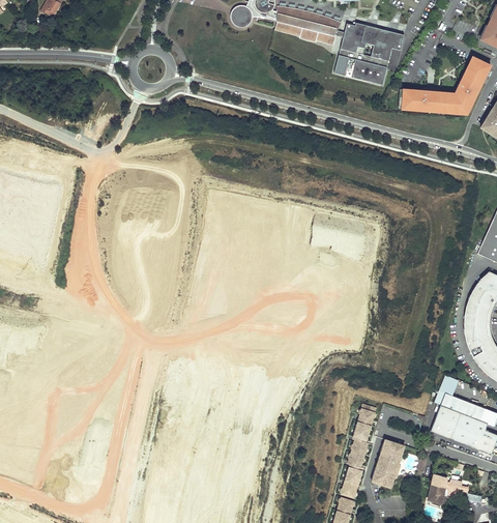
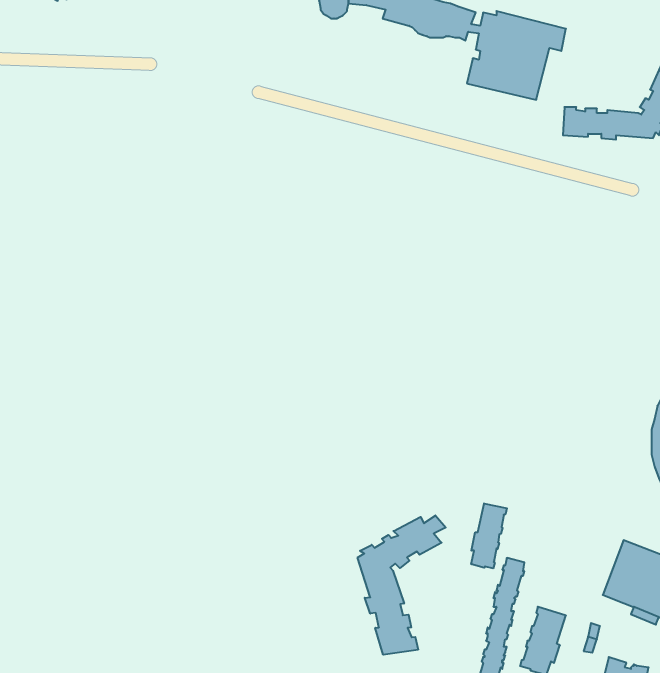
building: none -> [471,503,507,568]
building: none -> [358,515,446,655]

